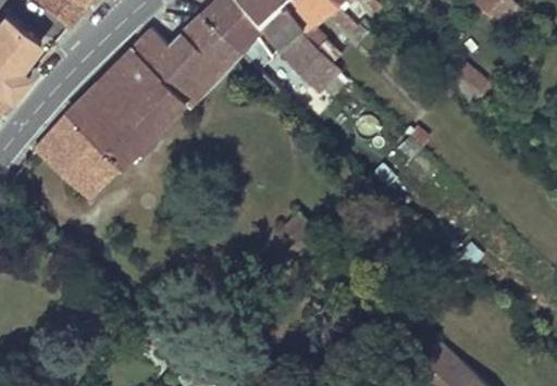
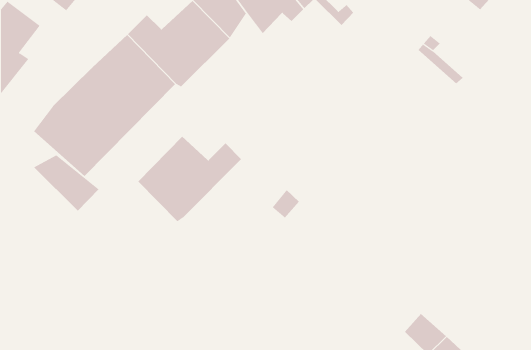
building: [274,29,338,94] -> none
building: none -> [137,136,242,222]
building: none -> [33,154,100,211]

